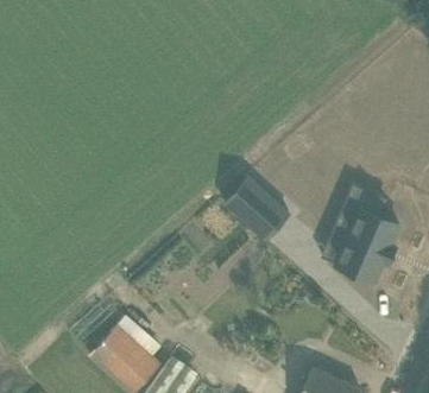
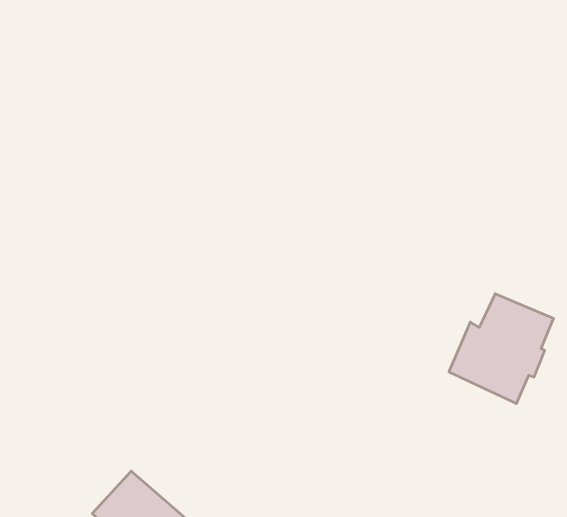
building: [225,178,290,241] -> none

